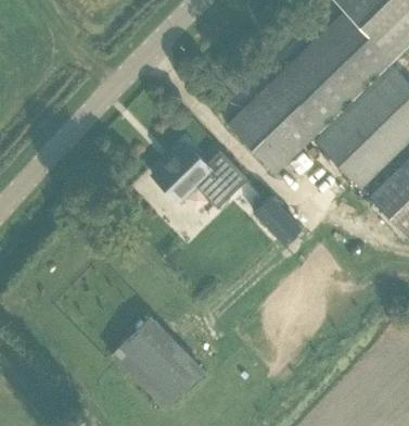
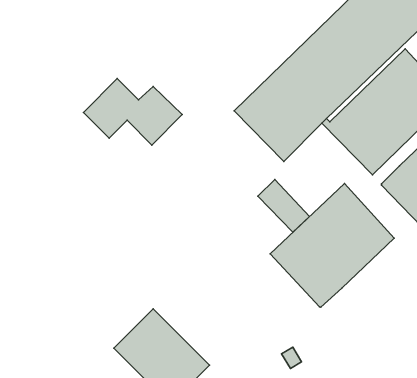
building: [152,143,247,208] -> [83,79,182,145]
building: none -> [270,184,394,307]

